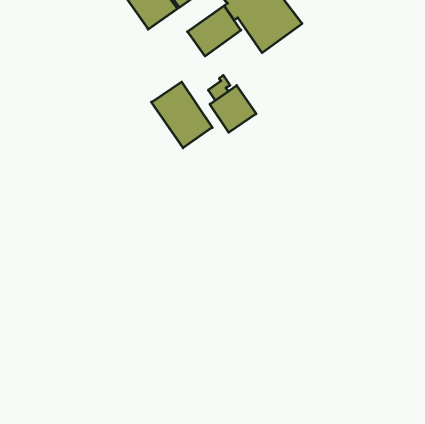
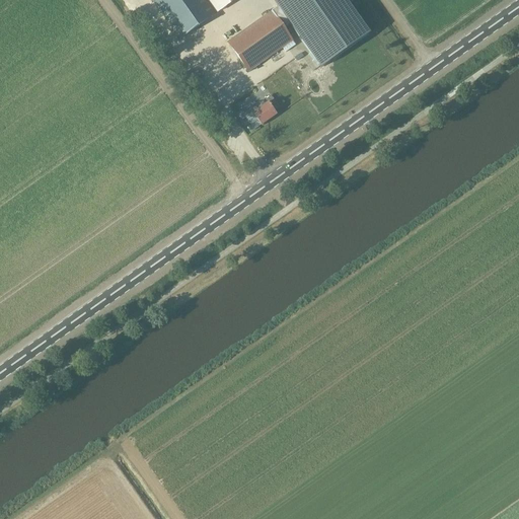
building: [151,82,212,148] -> none
building: [210,85,256,132] -> none

